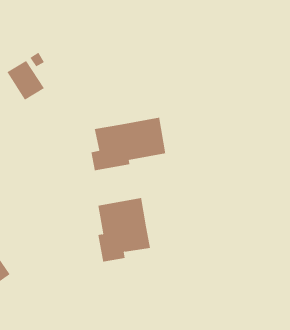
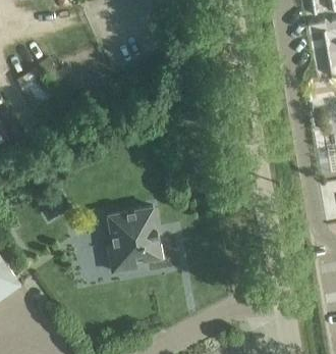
building: [91,117,166,171] -> none

